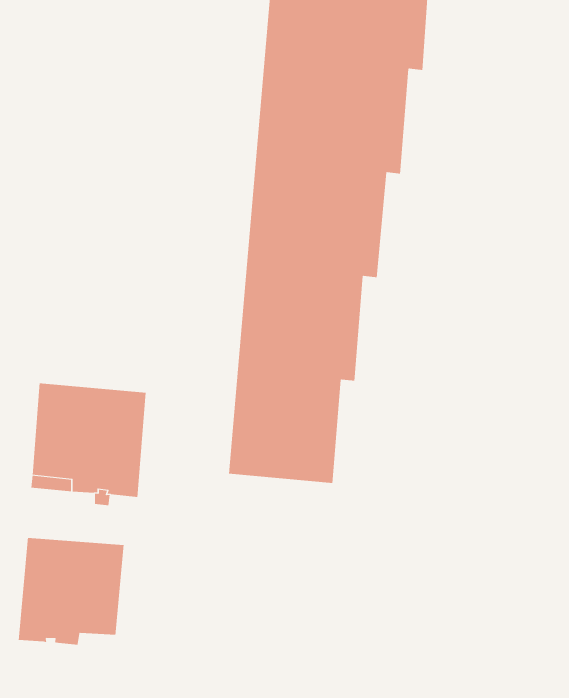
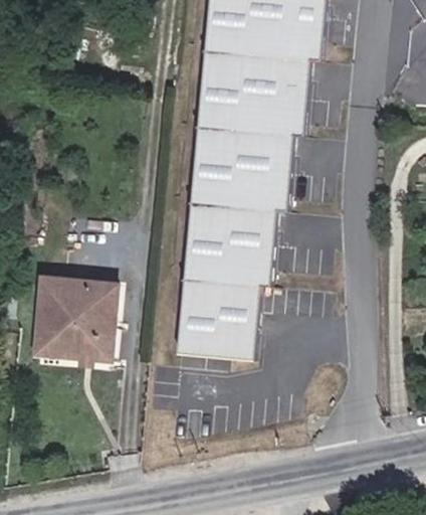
building: [18,537,124,645] -> none

